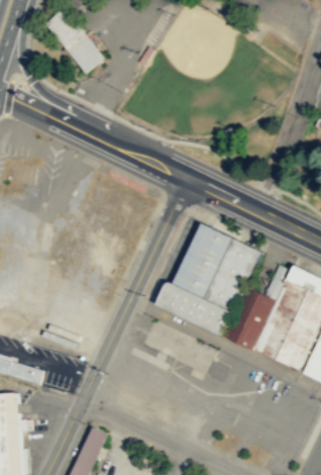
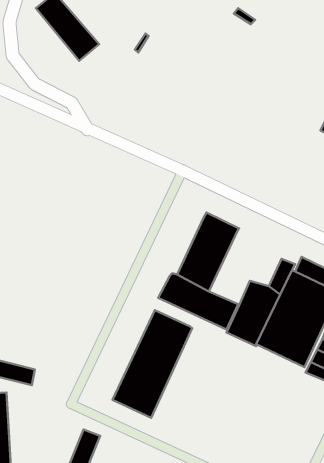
building: [208,238,264,310] -> none
building: none -> [113,310,192,418]

